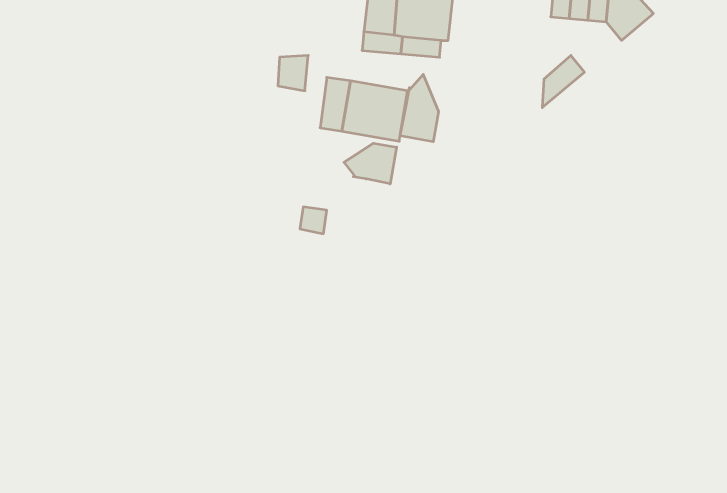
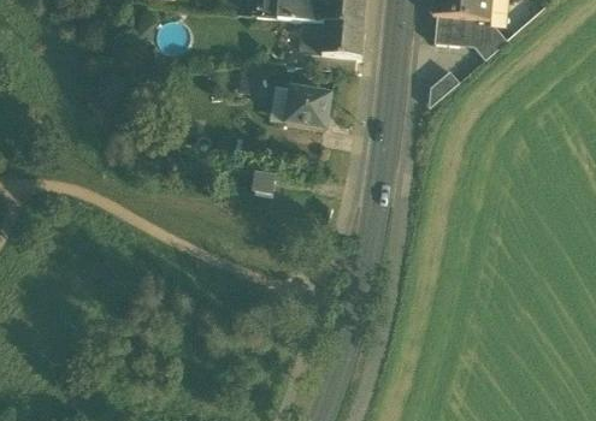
building: [400,74,438,142] -> none
building: [344,143,397,184] -> none

